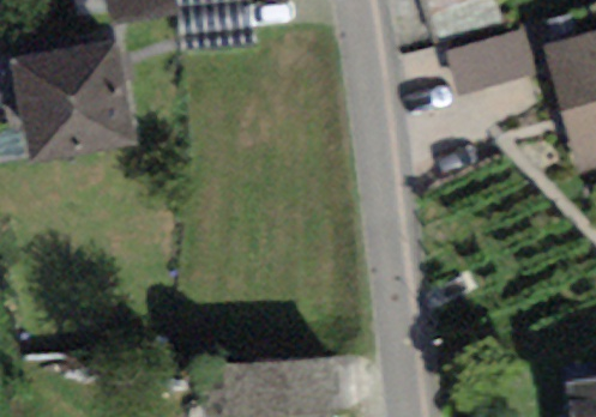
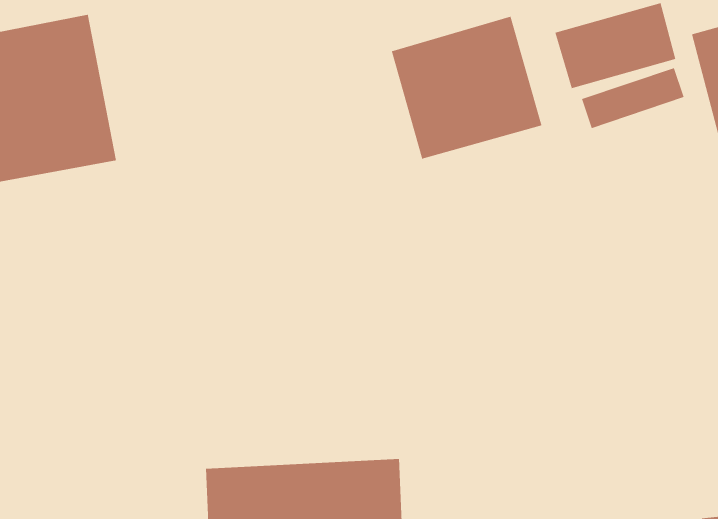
building: none -> [391,16,542,160]

